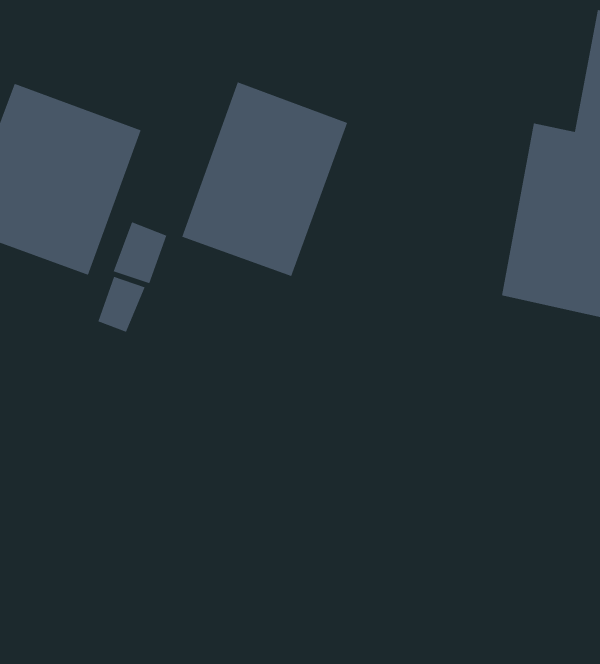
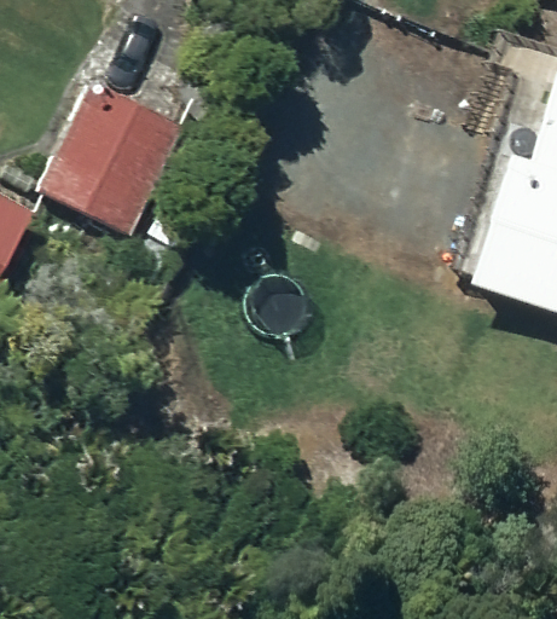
building: [182,82,348,277] -> none

